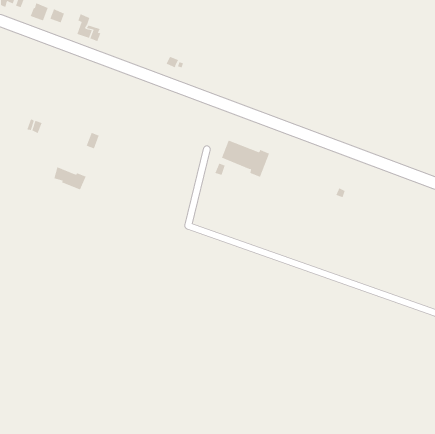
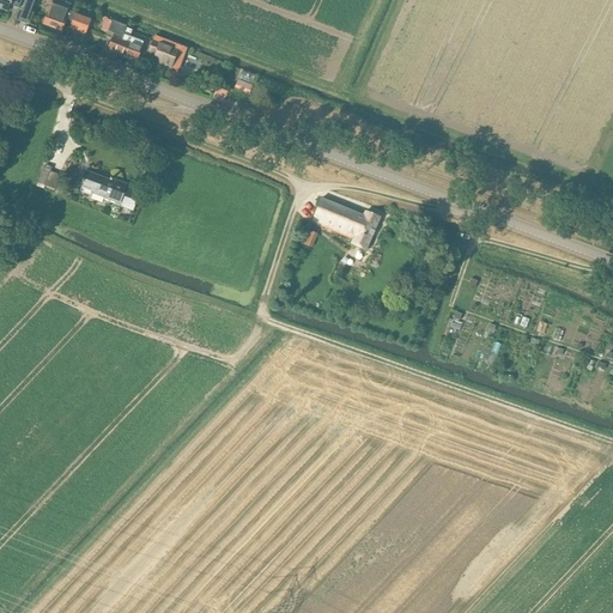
building: none -> [147,32,187,66]
building: [53,166,87,190] -> [80,169,127,202]

